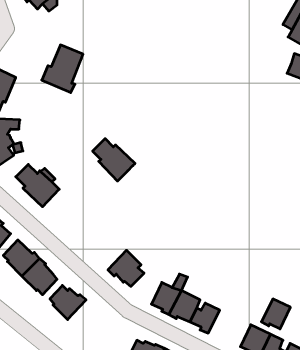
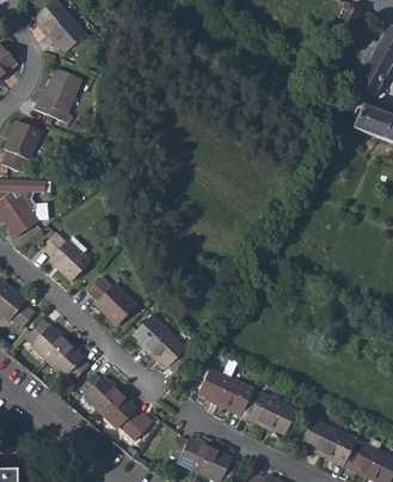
building: [42,45,83,93] -> [33,67,81,122]
building: [93,139,135,181] -> [87,275,136,324]
building: none -> [131,313,168,353]
building: [261,299,290,329] -> [263,399,296,434]
building: none -> [100,388,153,440]

